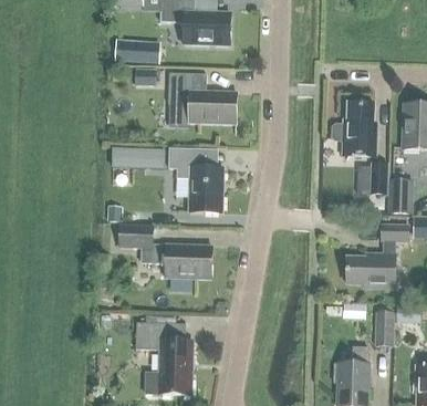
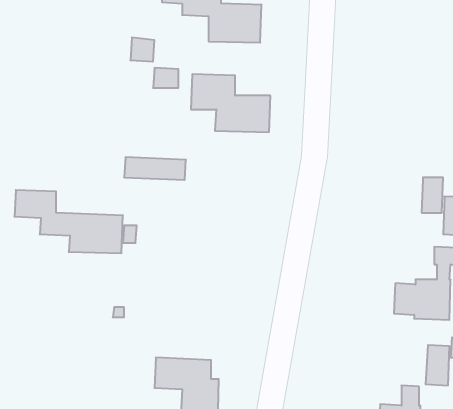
building: [332,102,377,155] -> none
building: [169,146,223,211] -> none
building: [117,222,212,278] -> [14,190,123,253]

